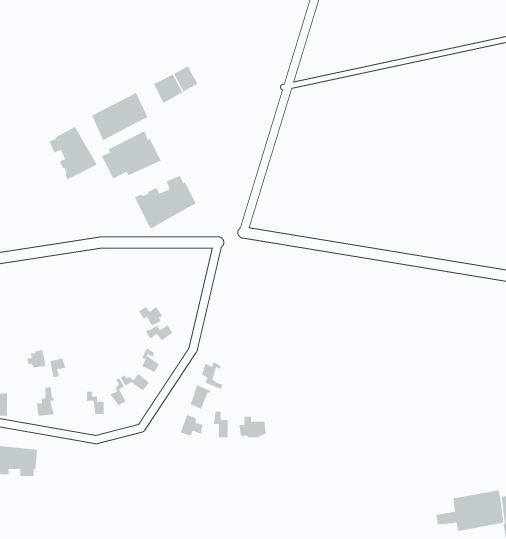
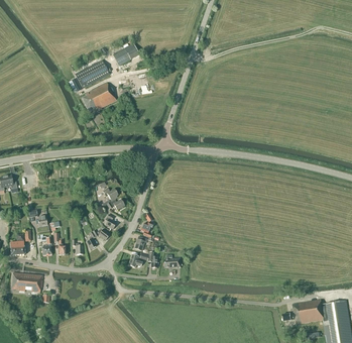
building: [49,126,97,180] -> none
building: [134,175,197,229] -> none

